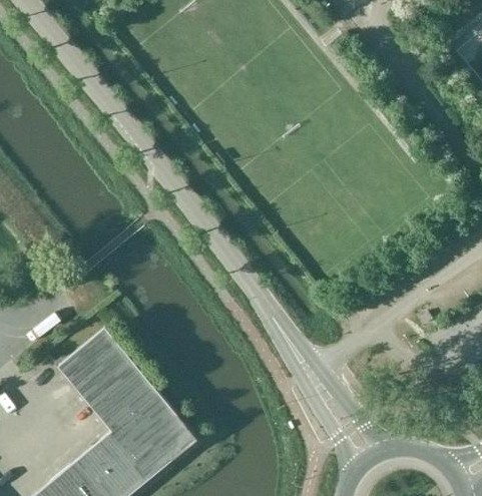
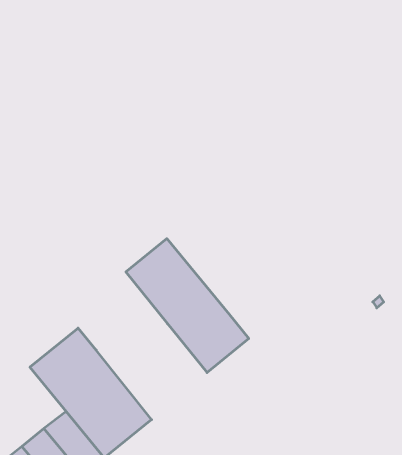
building: none -> [126,239,249,373]
building: [57,328,123,389] -> none

